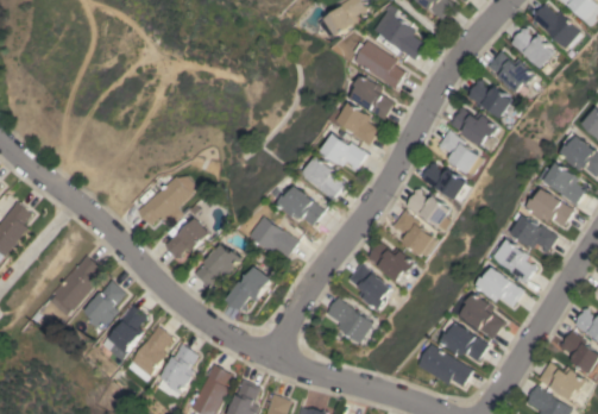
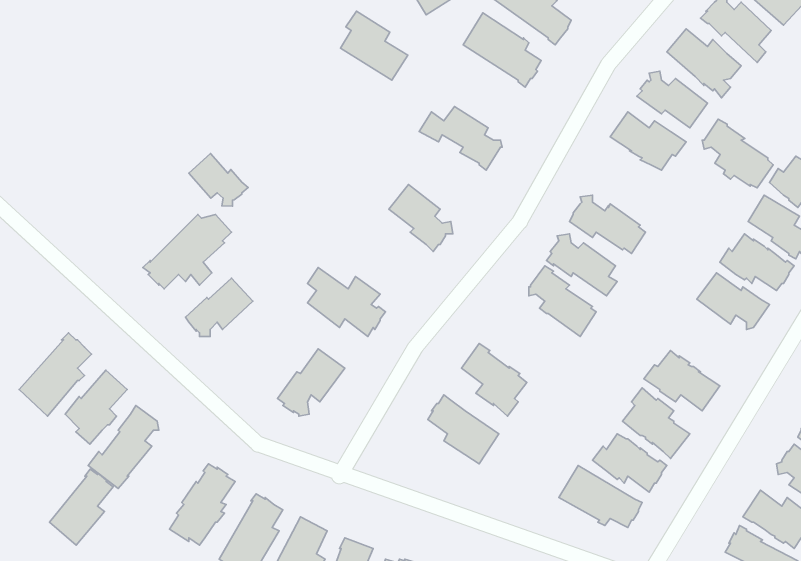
building: [348,74,394,120] -> [340,11,408,80]
building: [440,130,487,176] -> [702,119,773,188]
building: [319,133,366,170] -> none
building: none -> [189,154,248,206]
building: [276,187,325,227] -> none
building: [493,239,536,284] -> none
building: [369,242,418,282] -> none
building: [194,244,243,288] -> none
building: [130,326,172,377] -> [50,469,113,545]

